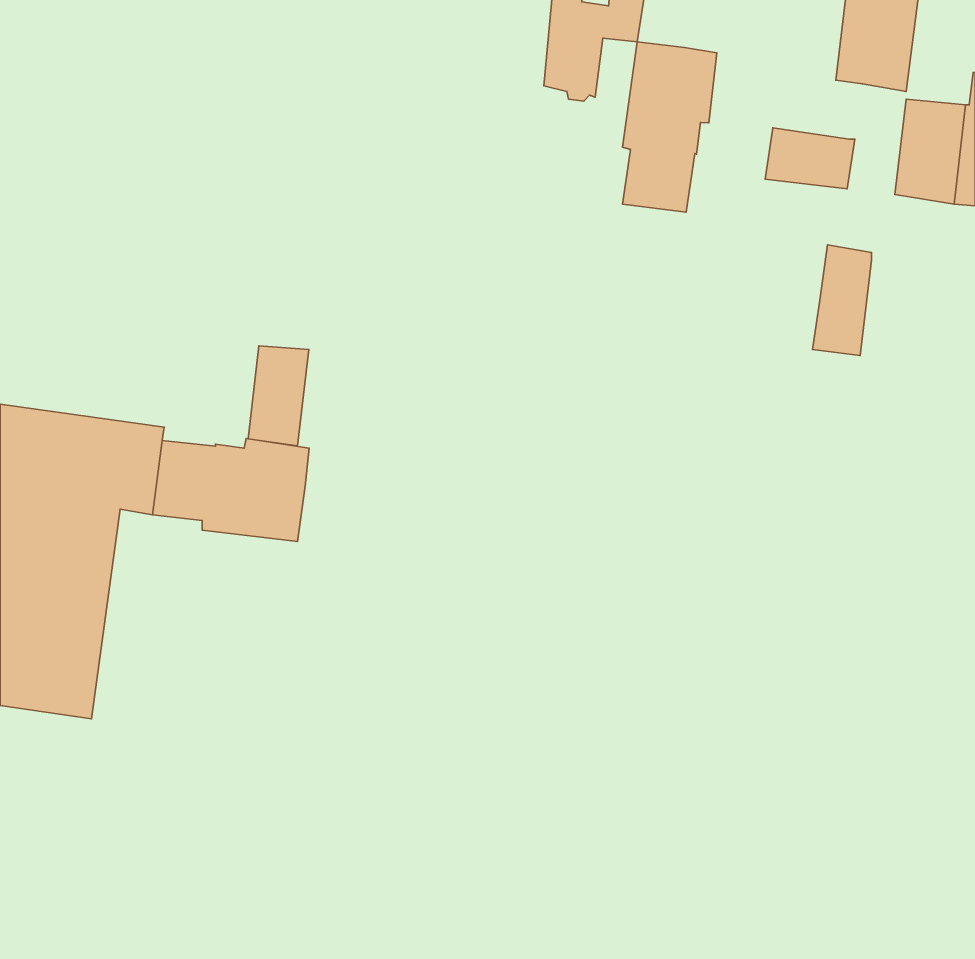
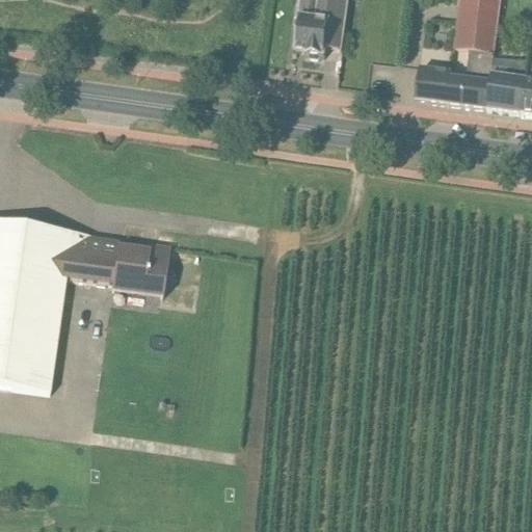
building: [623,42,717,212] -> none
building: [812,245,872,355] -> [461,46,494,106]
building: [248,346,309,446] -> none

